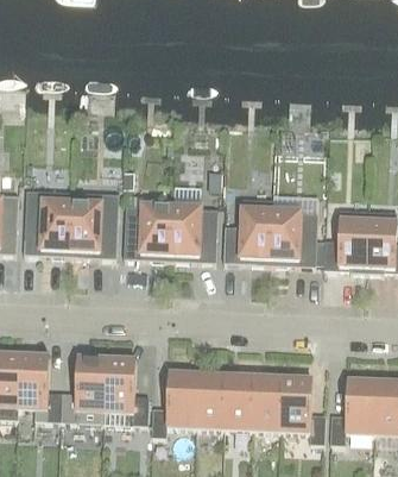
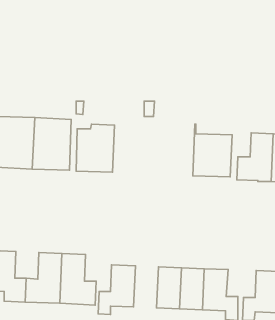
building: [222,197,271,263] -> none
building: [169,200,217,261] -> none
building: [195,375,226,427] -> none

